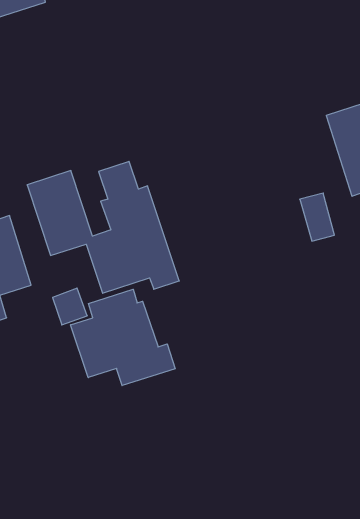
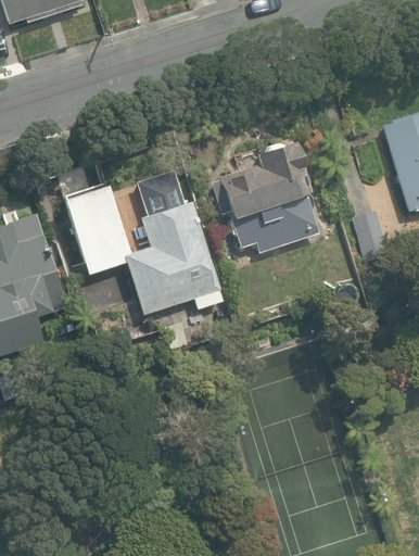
building: none -> [212,135,319,251]
building: [71,289,175,386] -> none

